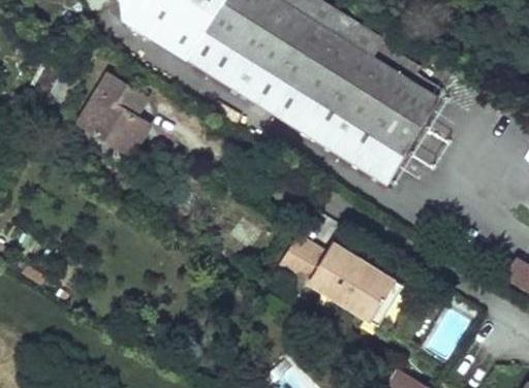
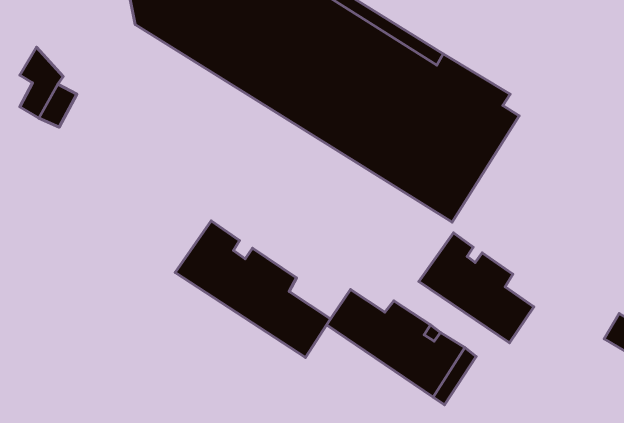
building: [79,71,151,154] -> none
building: none -> [175,221,330,357]
building: none -> [419,233,534,343]

